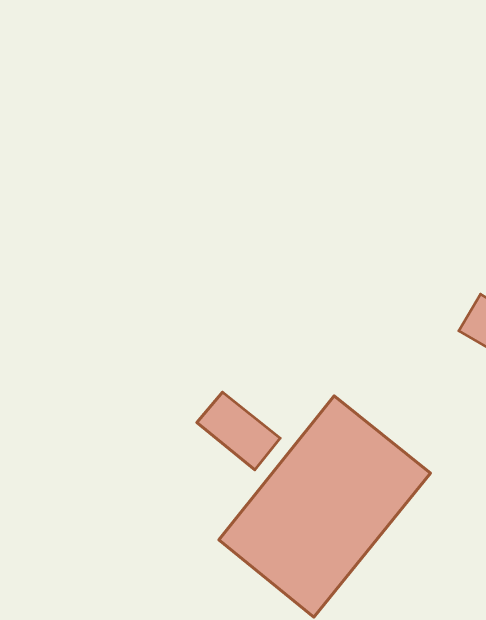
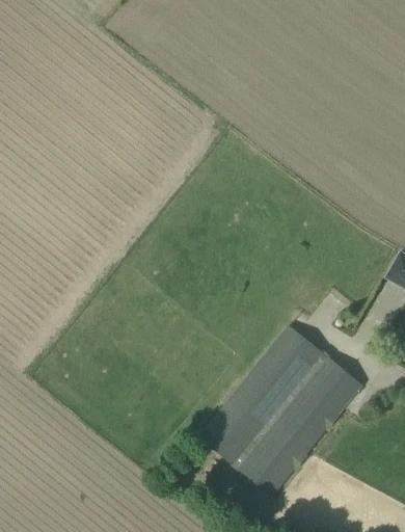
building: [197,392,280,470] -> none

